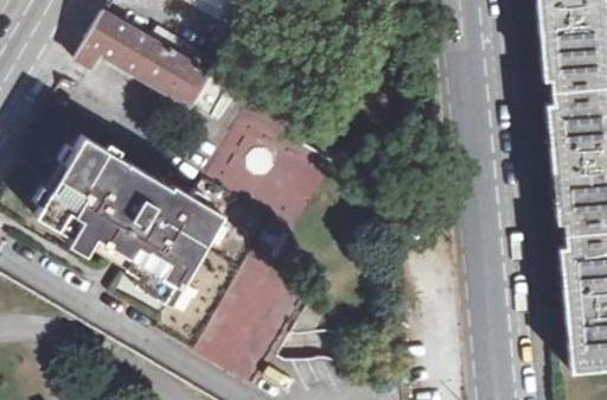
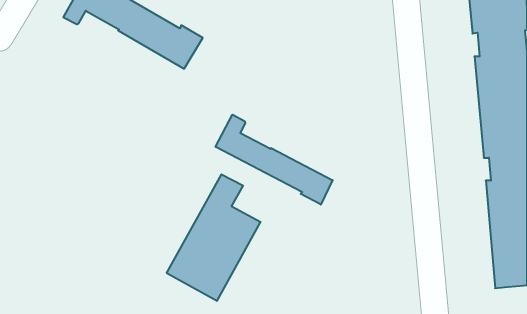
building: [38,136,218,294] -> none
building: none -> [216,115,333,205]

